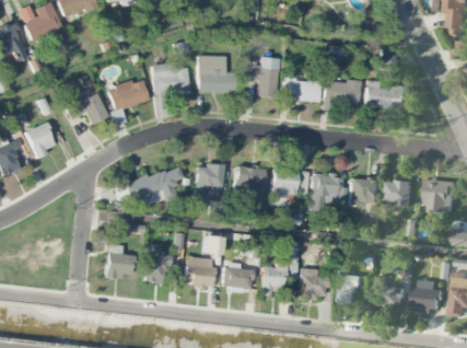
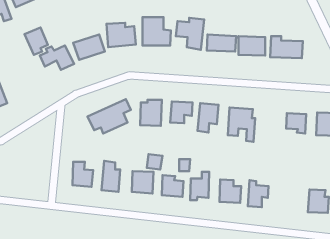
building: [25,121,56,158] -> [25,27,48,55]
building: [350,177,380,204] -> none
building: [375,283,407,306] -> none

